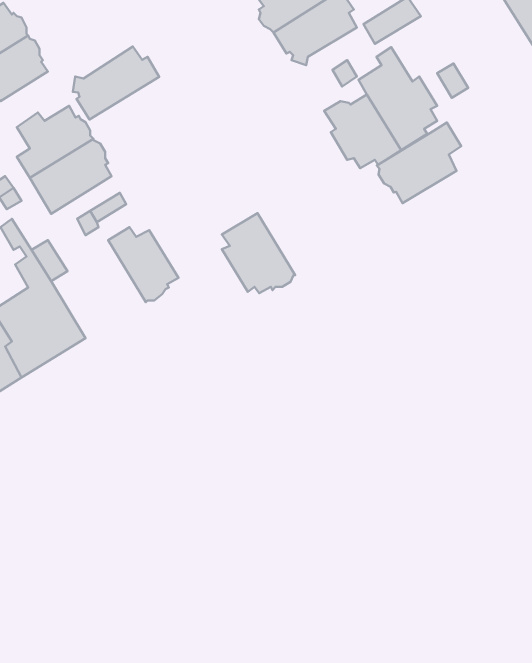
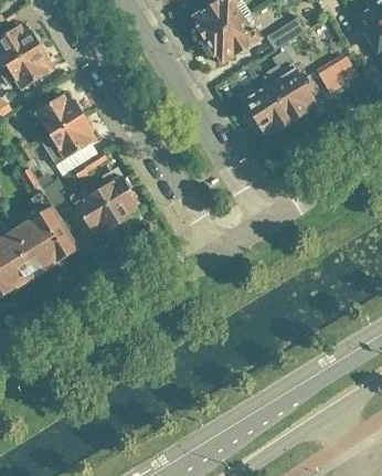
building: [73,46,159,120] -> none
building: [377,123,461,203] -> none
building: [222,213,295,293] -> [70,182,119,236]

